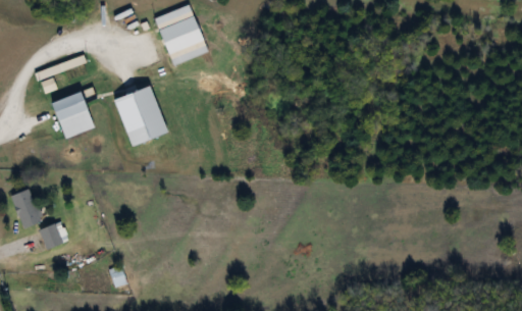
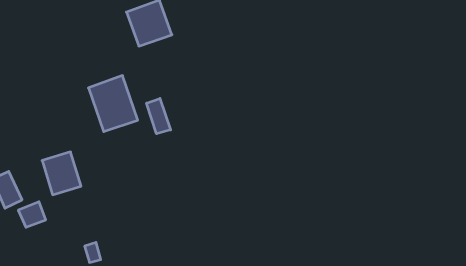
building: [52,92,94,138] -> [42,152,81,195]
building: none -> [147,98,171,134]

